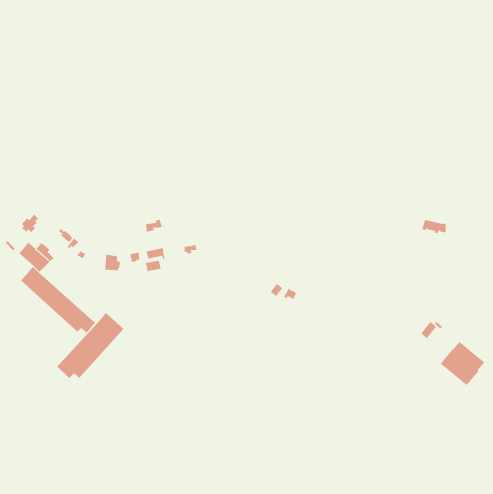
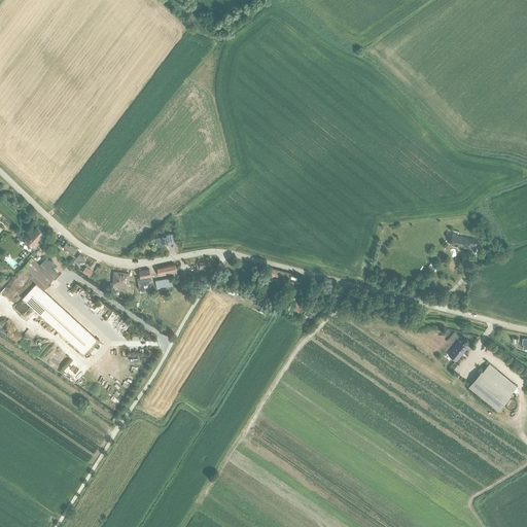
building: [56,312,124,379] -> none

